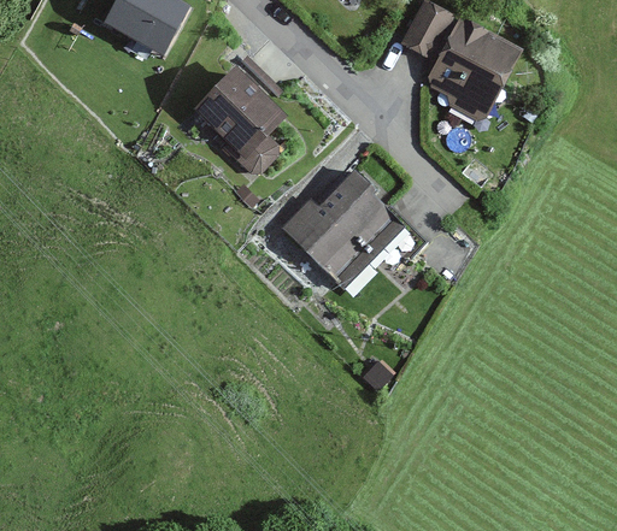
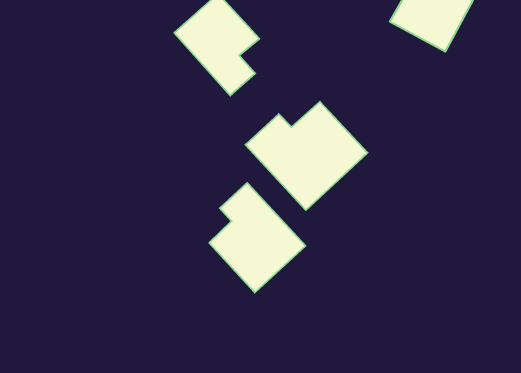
building: none -> [209,183,305,293]

